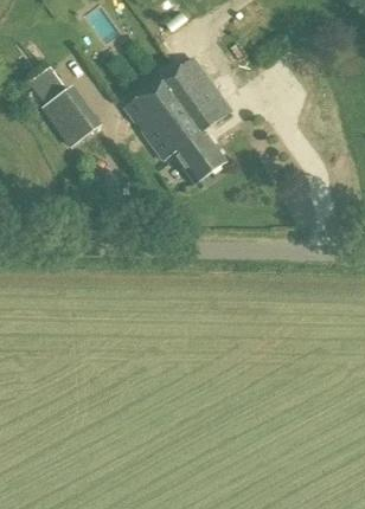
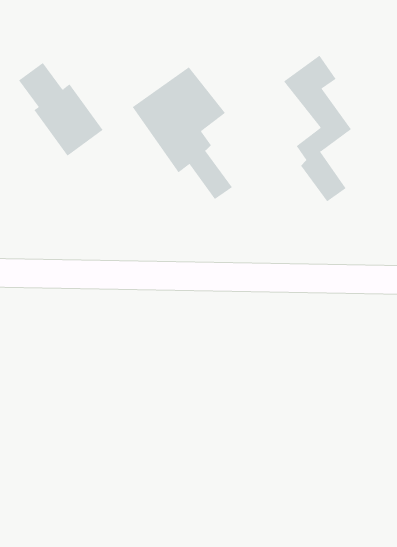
building: [173,49,231,173] -> [283,55,352,202]

